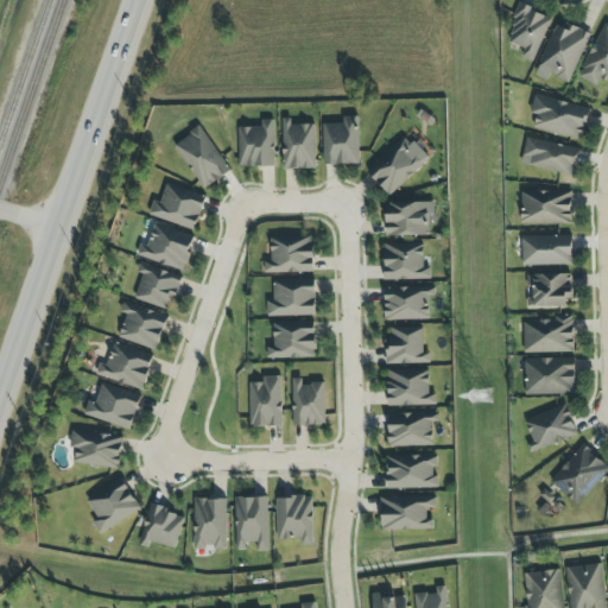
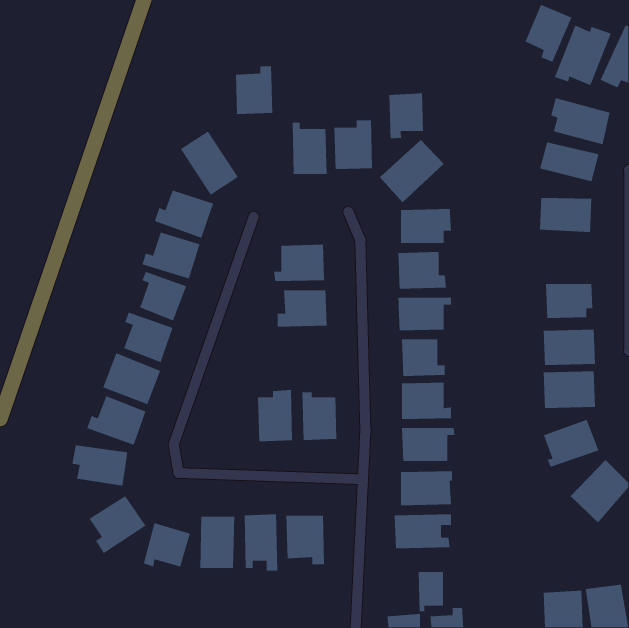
building: none -> [388,93,424,139]
building: [238,119,274,166] -> [235,65,273,115]
building: [521,234,572,265] -> none
building: [267,321,316,359] -> none
building: none -> [418,571,444,612]

